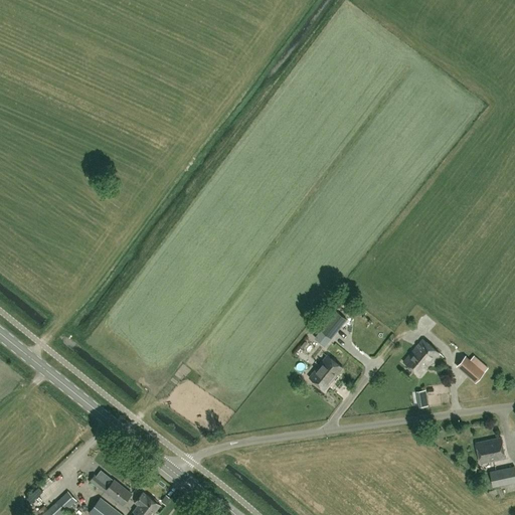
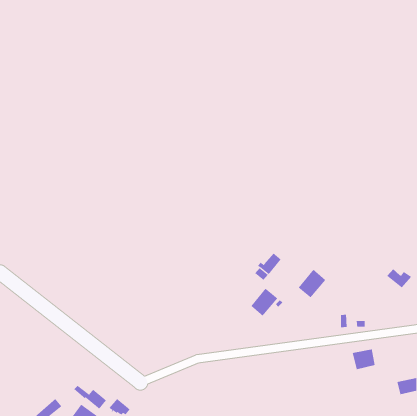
building: [403,340,439,376] -> [298,269,326,298]
building: [457,358,488,382] -> [386,269,412,288]
building: [476,439,505,465] -> [352,349,376,370]

